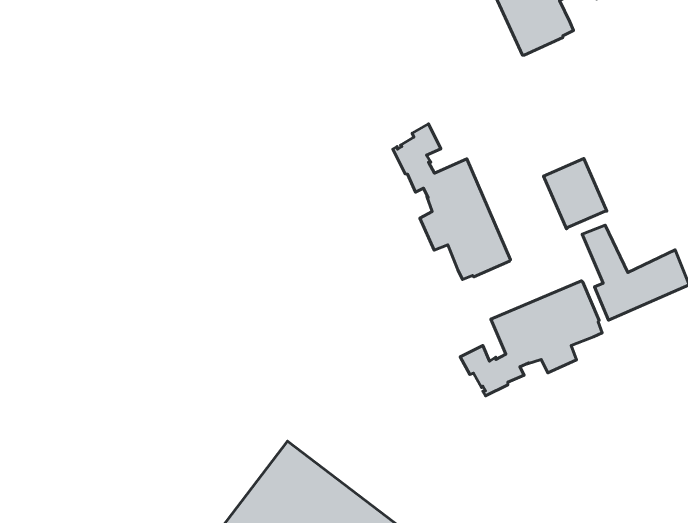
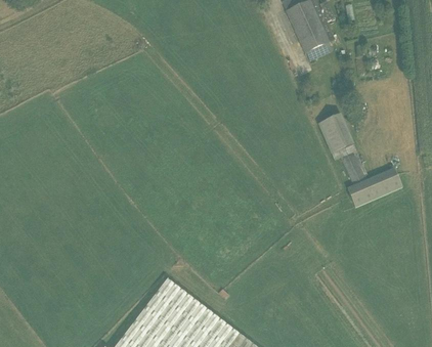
building: [393,124,511,279] -> none
building: [460,281,602,396] -> none

